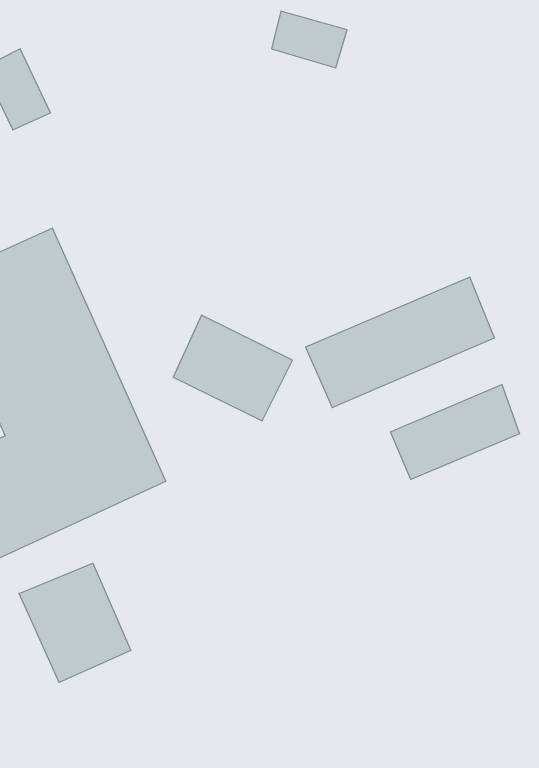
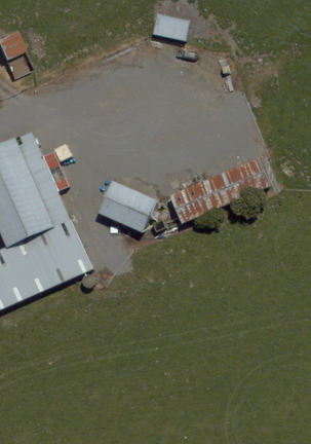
building: [391,385,520,479] -> none
building: [19,563,131,683] -> none

